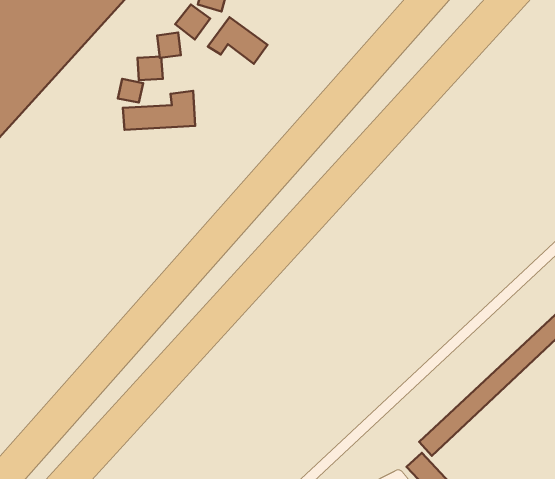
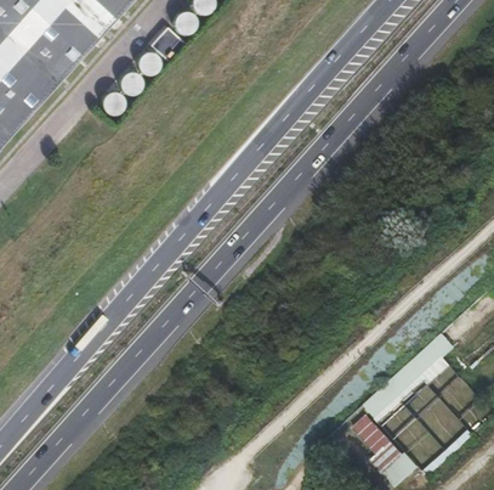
building: [208,17,267,64] -> none
building: [123,91,195,130] -> none

